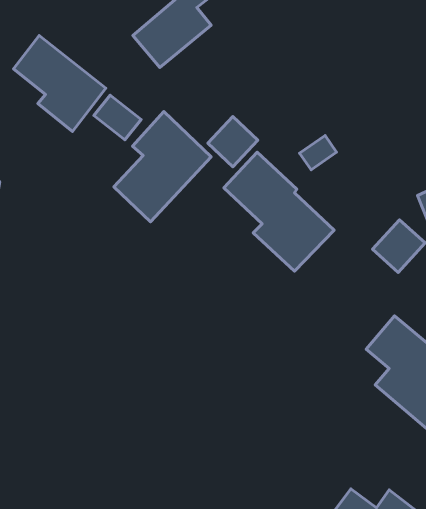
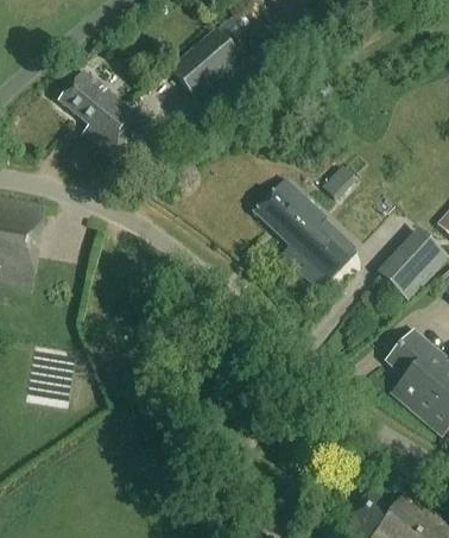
building: [94,95,141,140] -> none
building: [114,111,211,222] -> none
building: [208,116,258,167] -> none

